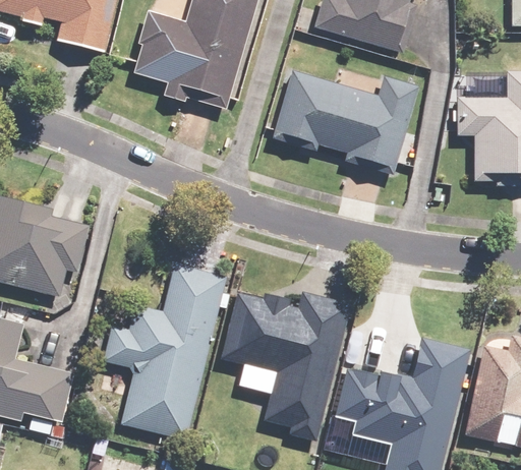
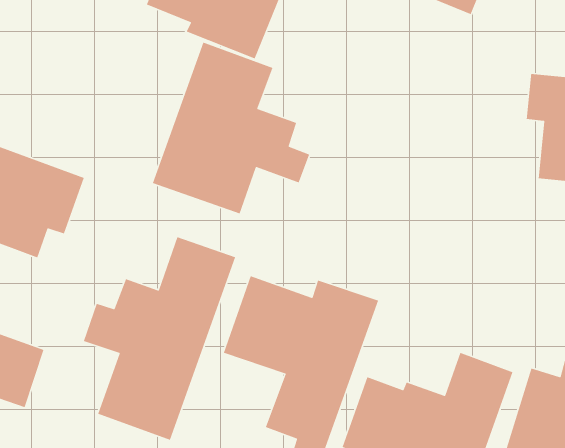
building: [273,69,421,173] -> none
building: none -> [152,42,310,215]

